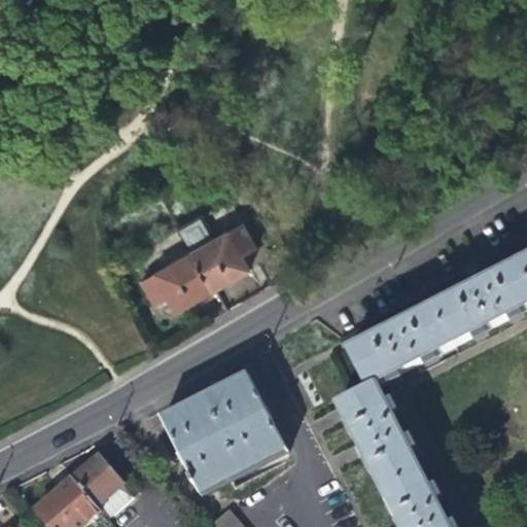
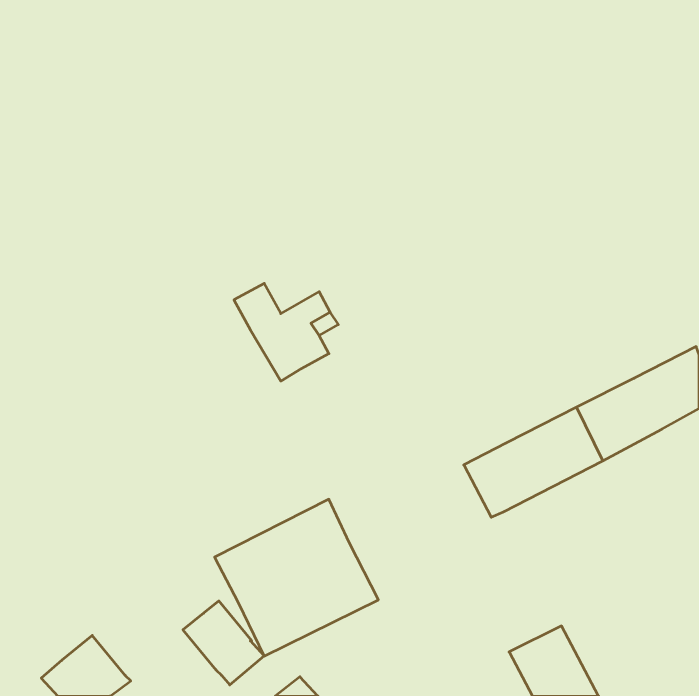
building: [138,247,210,307] -> none
building: [338,383,420,488] -> none
building: [69,454,130,517] -> [183,601,264,685]

